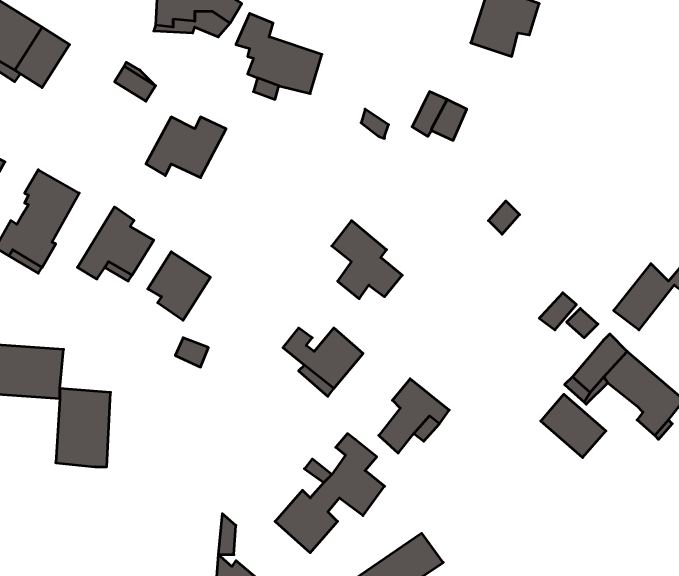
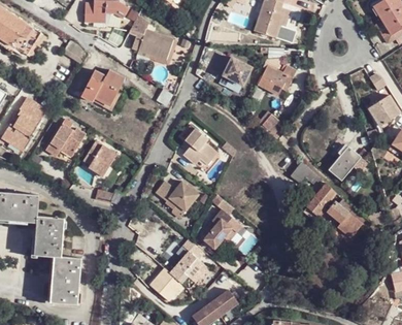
building: none -> [257,65,296,95]
building: [541,394,606,458] -> none
building: none -> [51,255,81,302]

